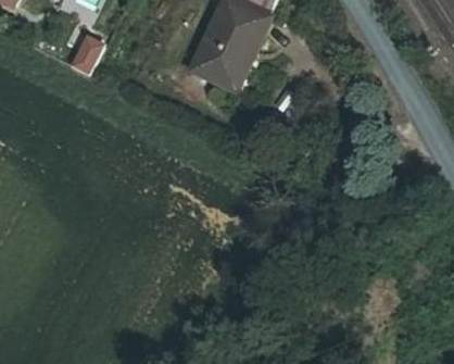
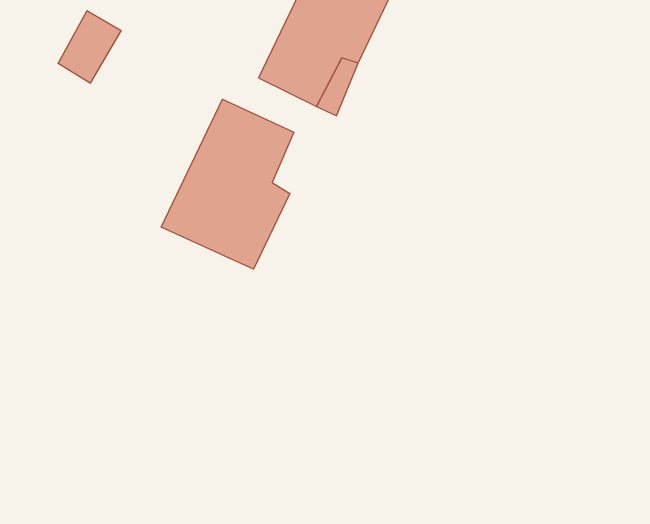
building: none -> [161,99,294,269]

